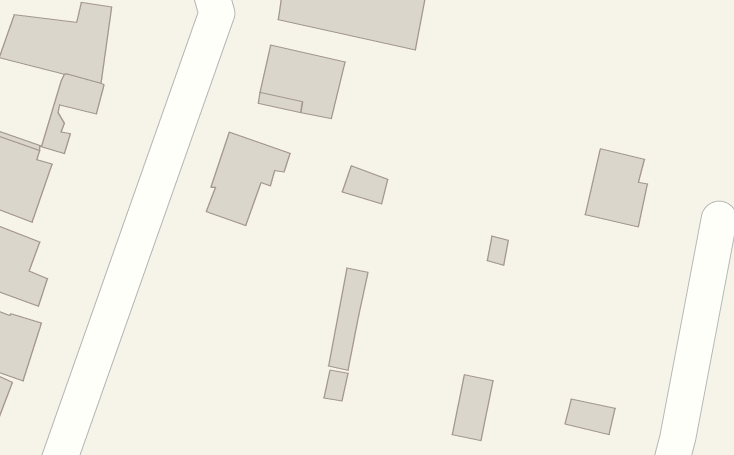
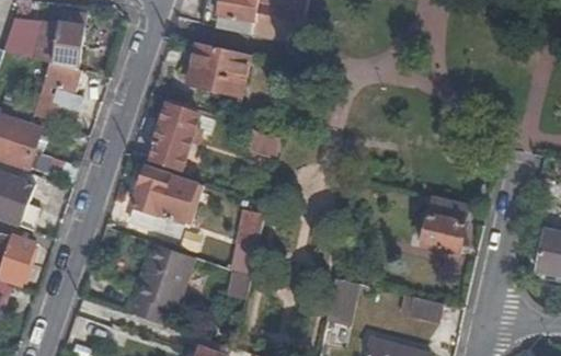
building: [585,149,648,227] -> [421,197,466,253]
building: none -> [129,165,203,234]
building: none -> [125,243,194,325]

